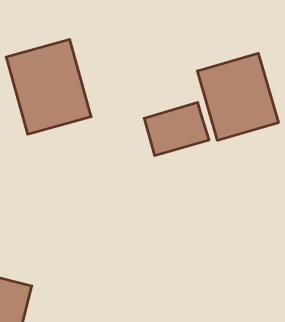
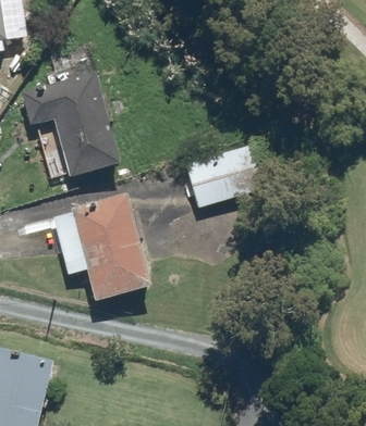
building: [197,53,278,140] -> none
building: none -> [51,193,154,300]

